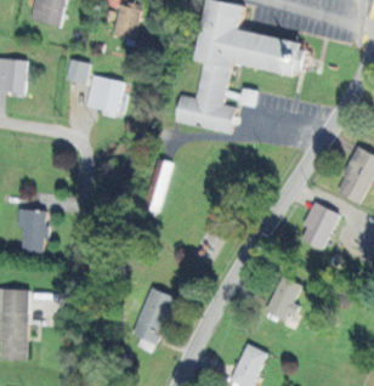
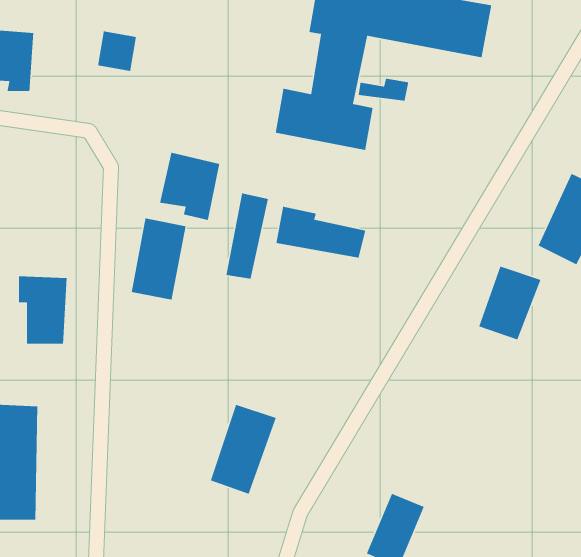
building: [86,75,124,118] -> [159,152,220,221]
building: none -> [275,206,366,258]
building: none -> [131,218,186,301]
building: [265,277,301,320] -> none

